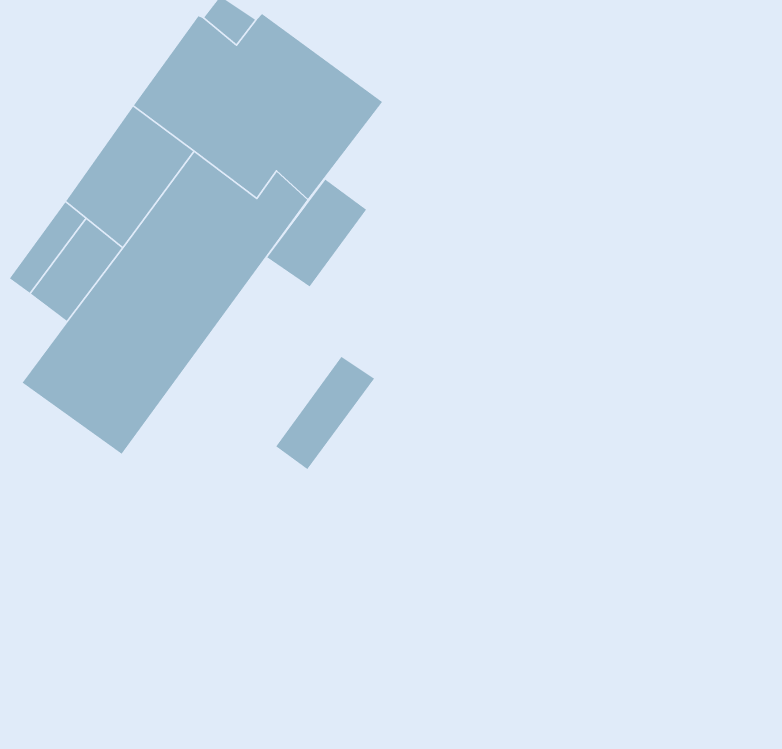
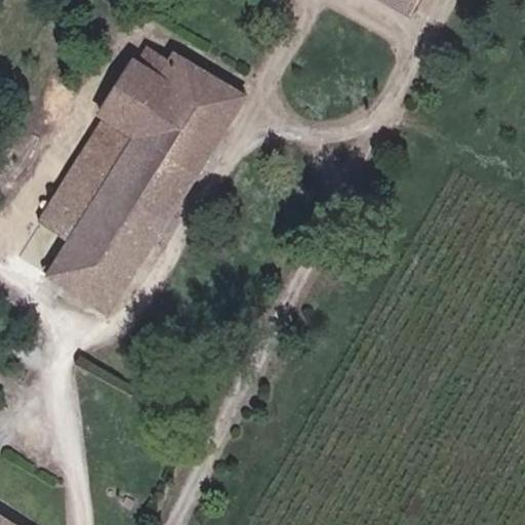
building: [266,179,367,288] -> none
building: [275,356,375,470] -> none

